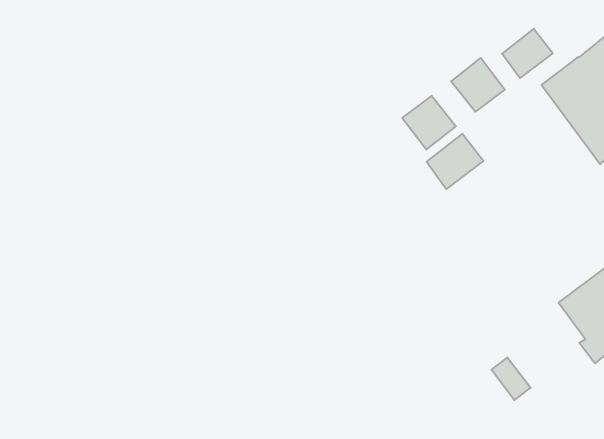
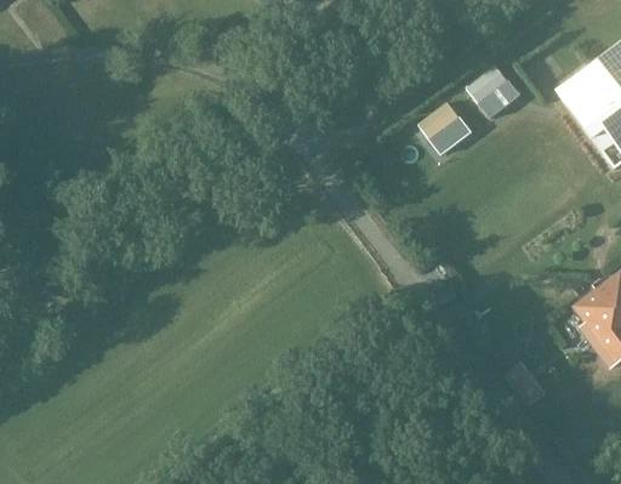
building: [502,29,553,78] -> none
building: [427,134,483,189] -> none

